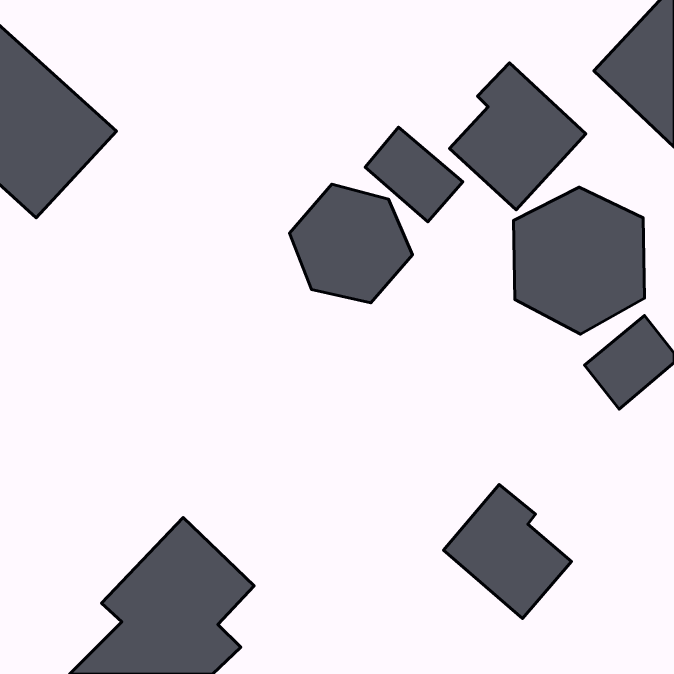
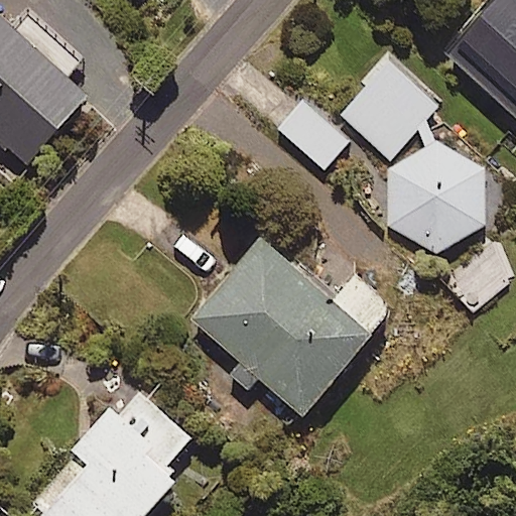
building: [289,184,413,303] -> none
building: none -> [189,240,396,419]
building: [444,484,572,618] -> none

